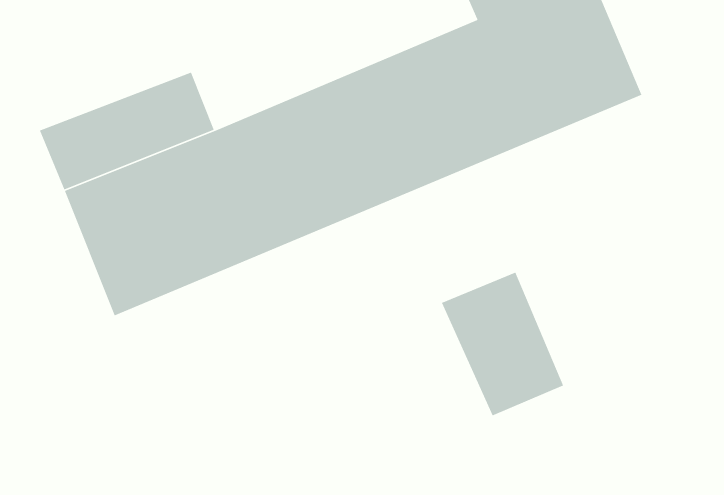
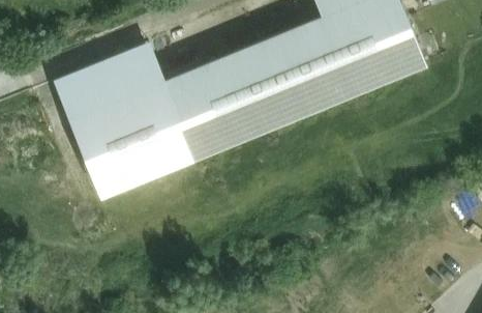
building: [441,272,564,417] -> none

